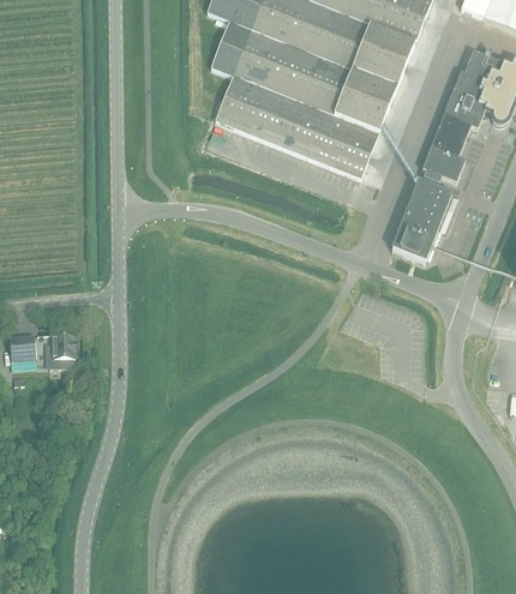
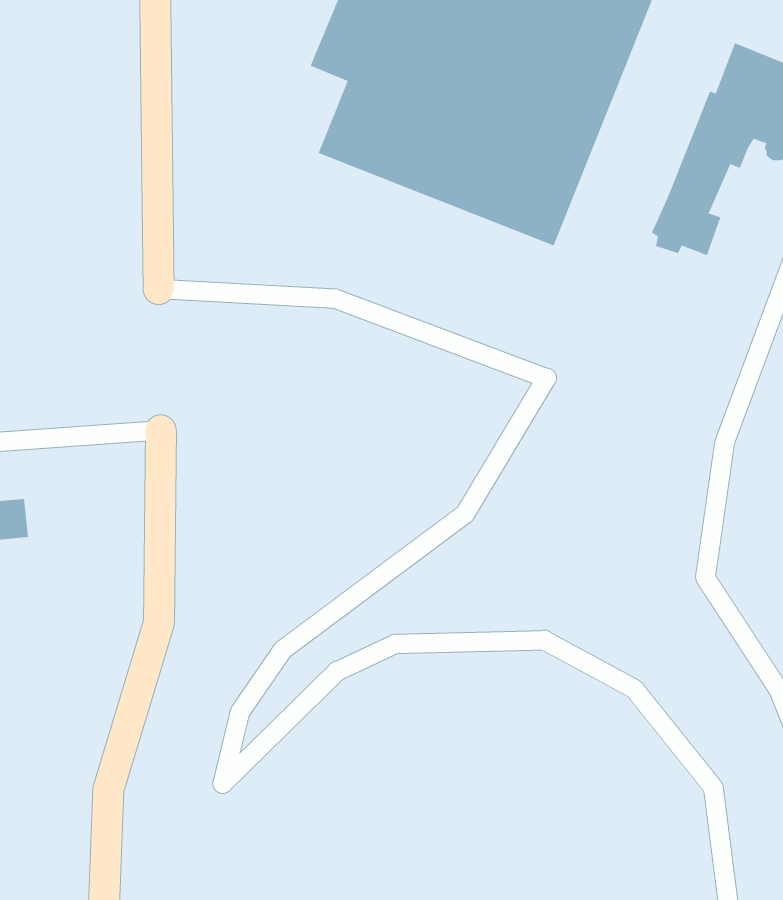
building: [391,181,451,262] -> none
building: [49,335,76,366] -> none

